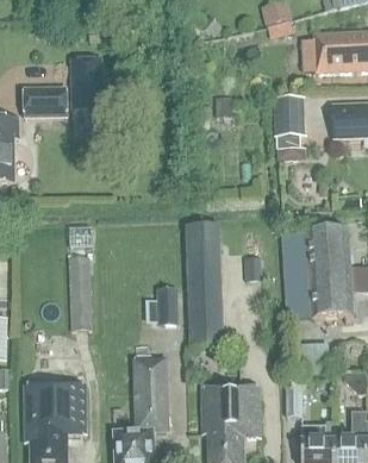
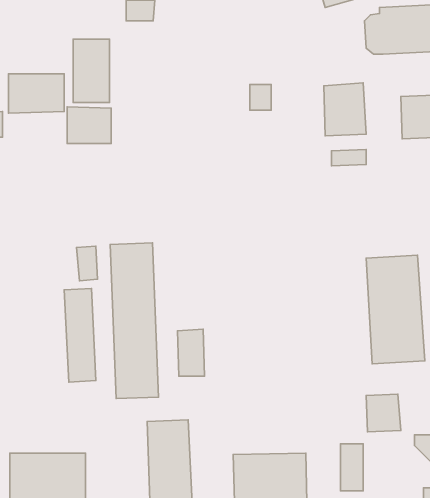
building: none -> [67,107,111,143]
building: [186,223,224,345] -> [110,243,159,399]
building: [280,231,307,318] -> none

